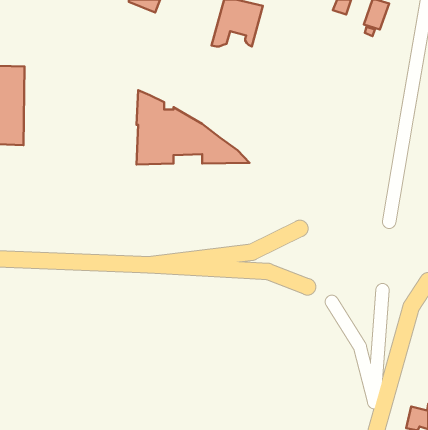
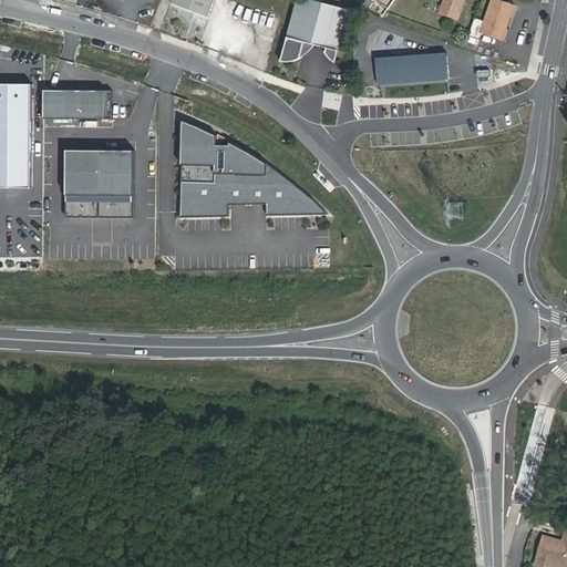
building: none -> [374,52,446,83]
building: none -> [43,89,111,117]
building: none -> [64,147,133,216]

